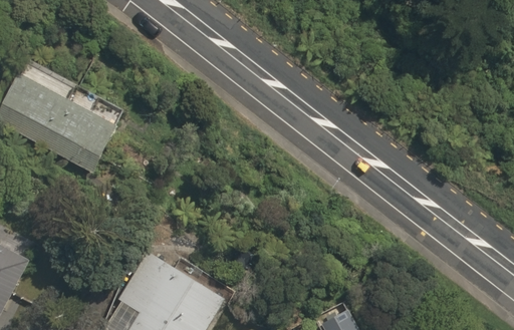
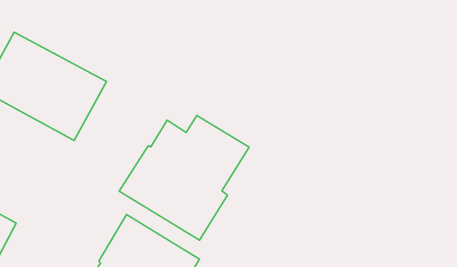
building: none -> [119,116,249,240]

